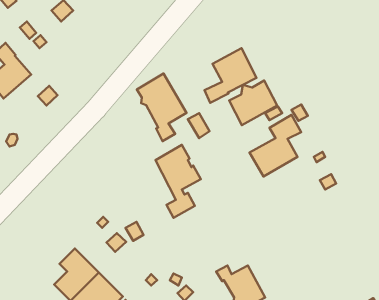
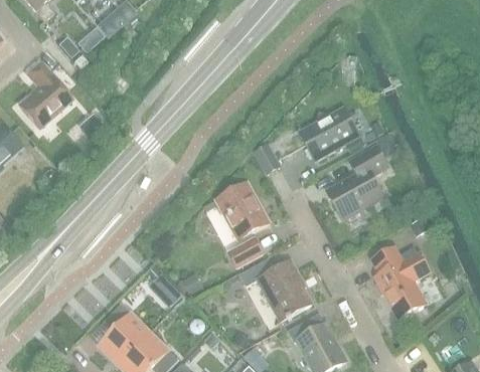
building: [205,48,256,103] -> none
building: [137,74,187,141] -> none
building: none -> [371,246,430,318]
building: none -> [239,257,312,320]

